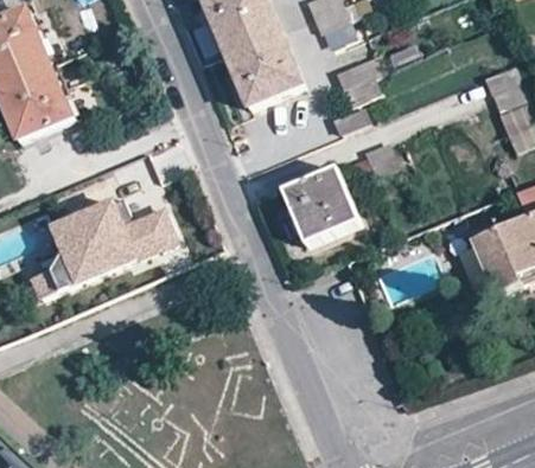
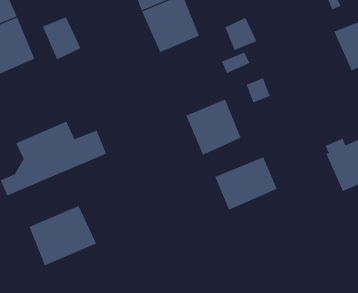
building: none -> [42,16,81,60]
building: none -> [214,157,277,211]
building: none -> [29,205,97,266]

